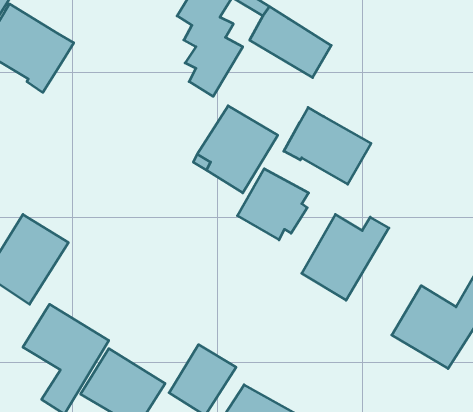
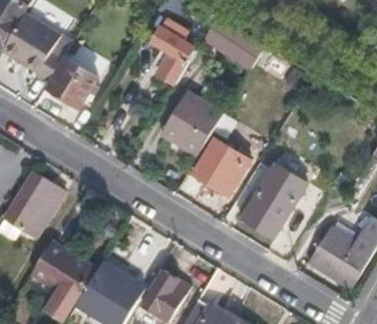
building: none -> [46,56,96,106]
building: [284,107,371,184] -> none

